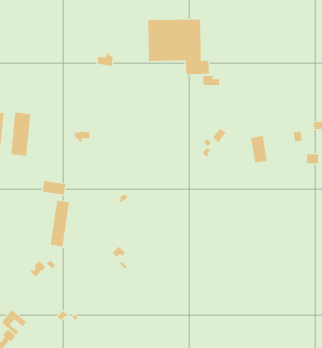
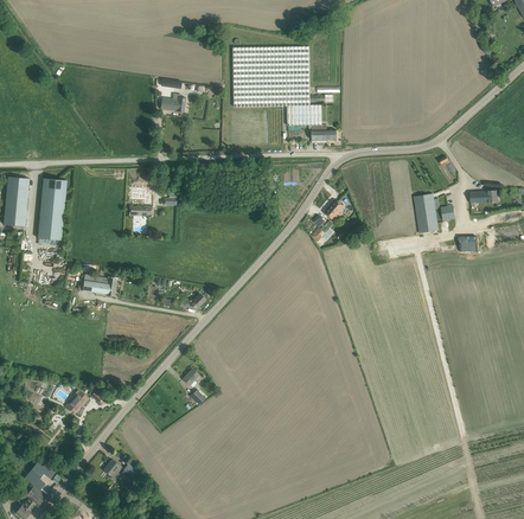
building: [250,135,268,163] -> [413,193,437,232]
building: [50,200,70,247] -> none

